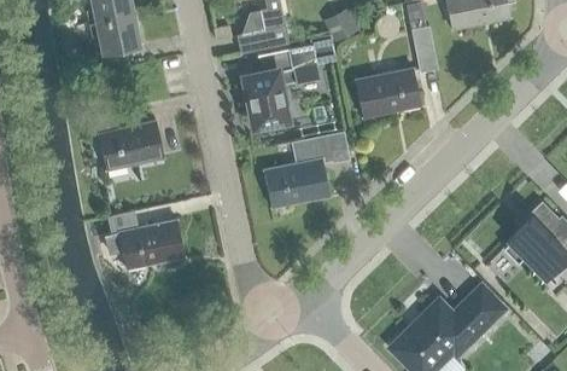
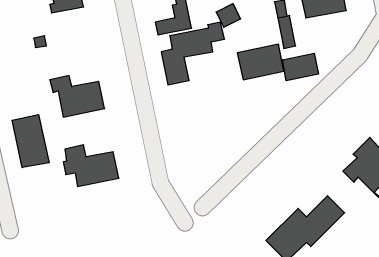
building: [89,13,141,73] -> none
building: none -> [283,53,318,81]
building: [264,132,350,208] -> none
building: none -> [12,115,49,168]

